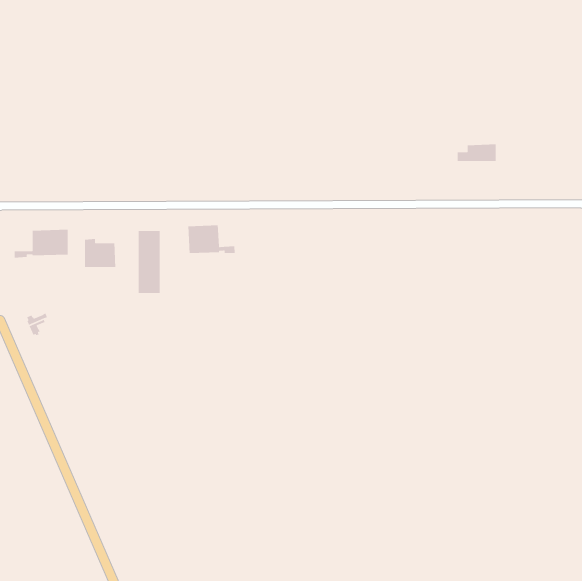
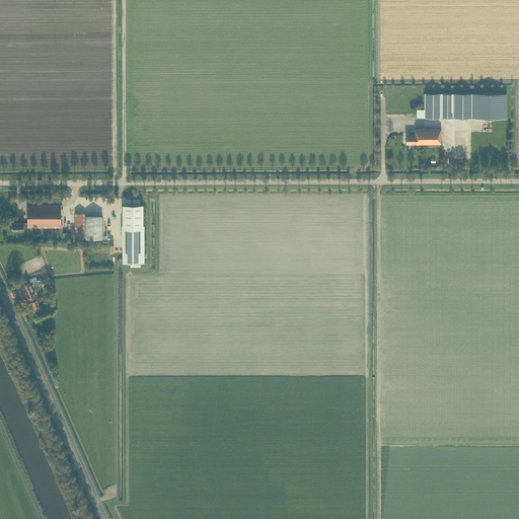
building: none -> [417,93,507,119]
building: [188,225,236,254] -> none

